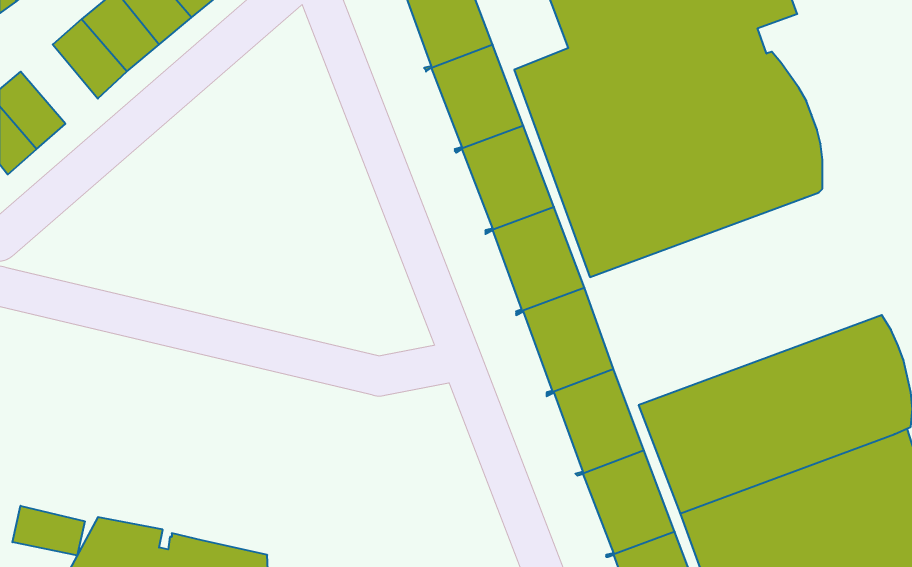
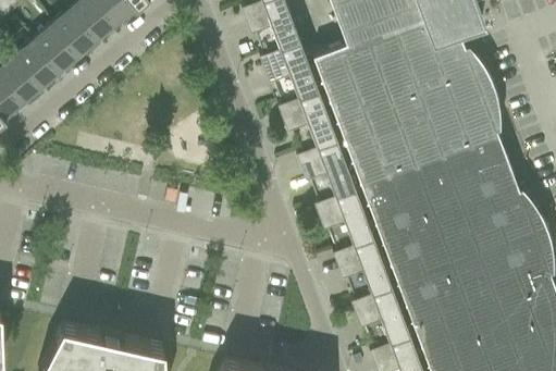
building: none -> [15,40,62,88]
building: none -> [359,129,535,258]
building: [12,506,85,556] -> none

